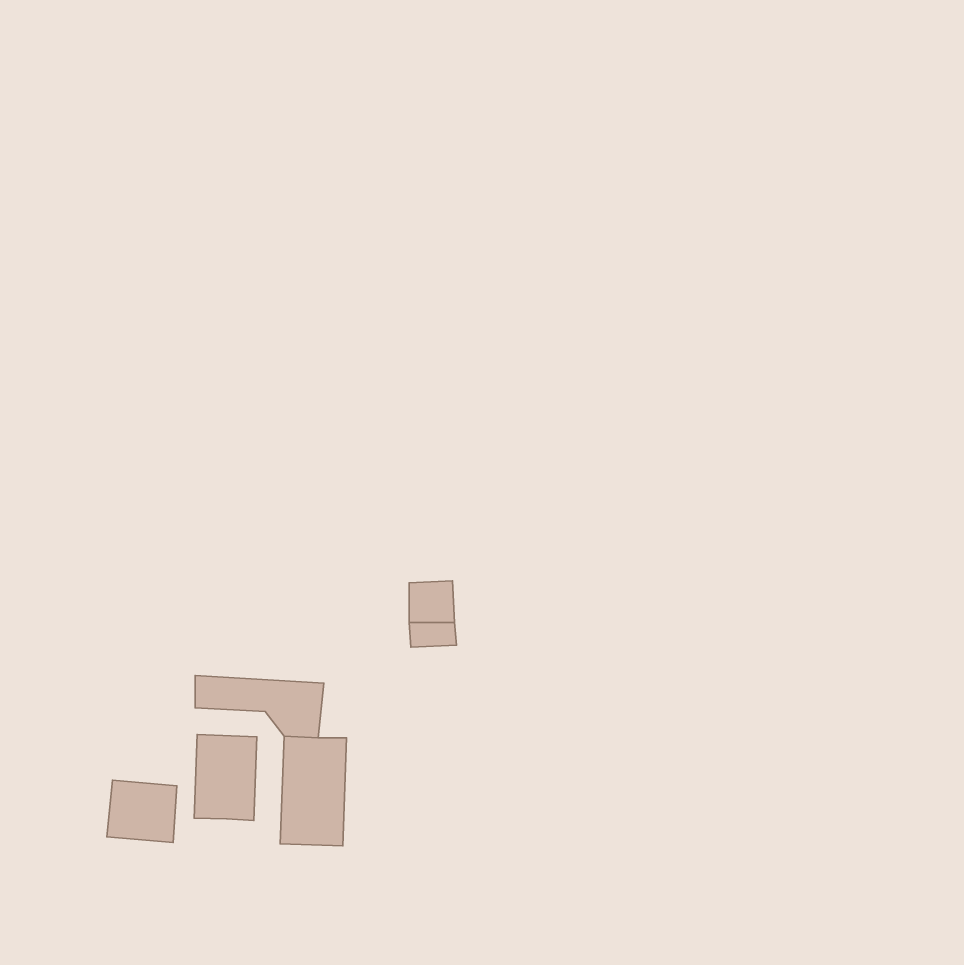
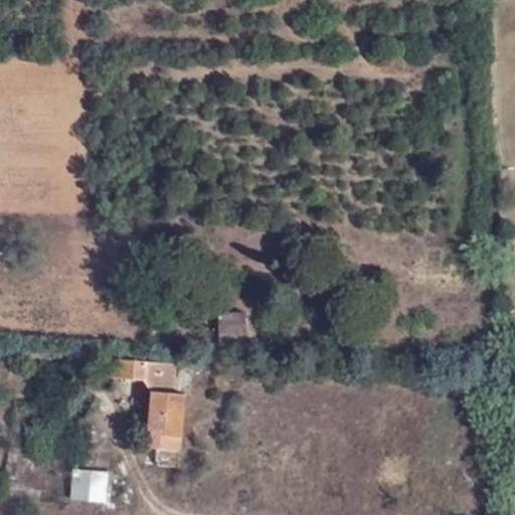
building: [194,734,257,821] -> none
building: [107,780,177,842] -> [69,470,107,503]

